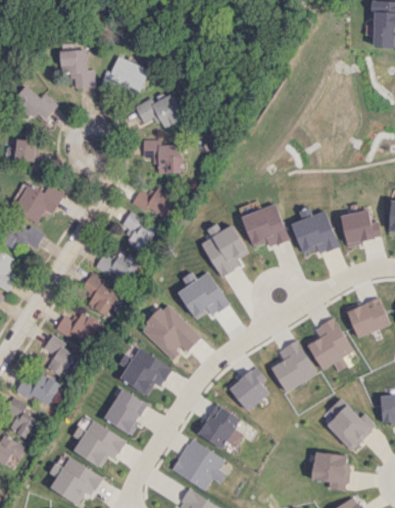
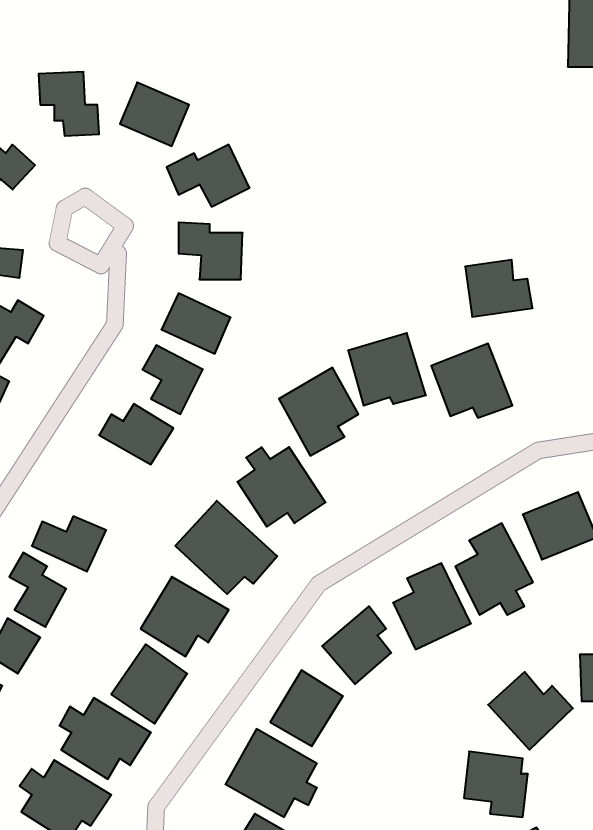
building: [342,211,382,244] -> [465,260,533,317]
building: [81,272,118,316] -> none

